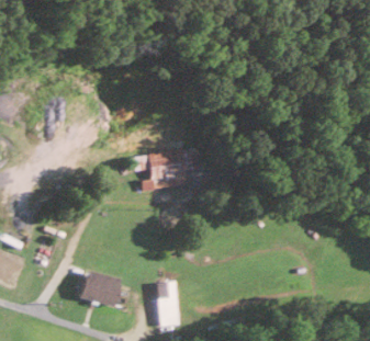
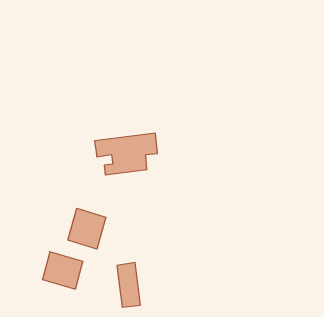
building: none -> [68,208,106,249]

